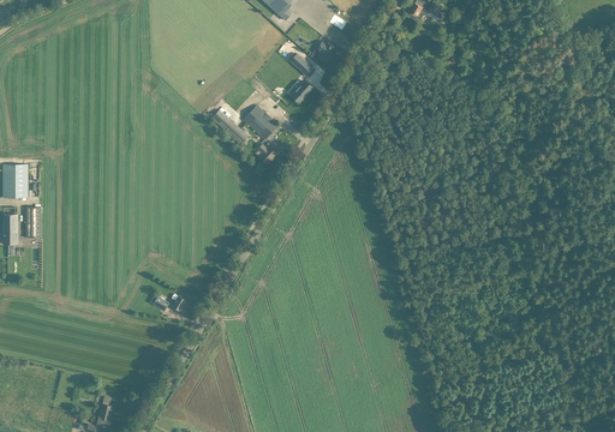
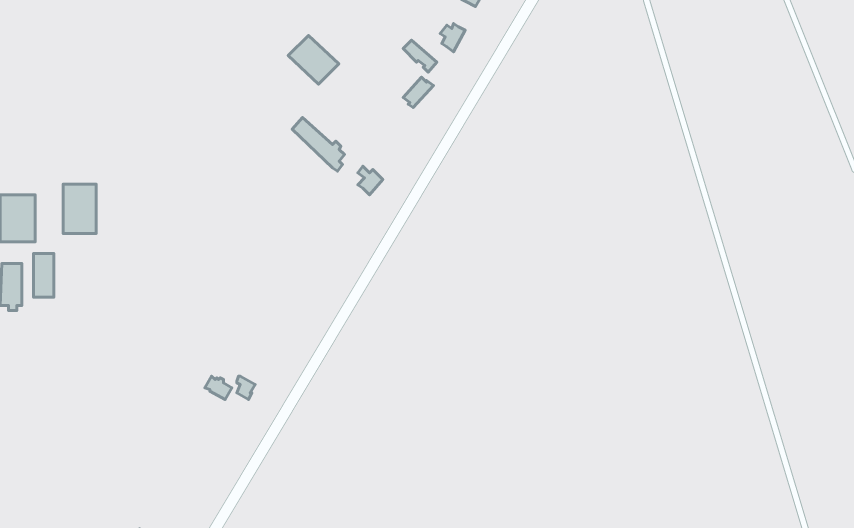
building: [241,104,277,139] -> [288,35,339,84]
building: none -> [63,184,96,234]

